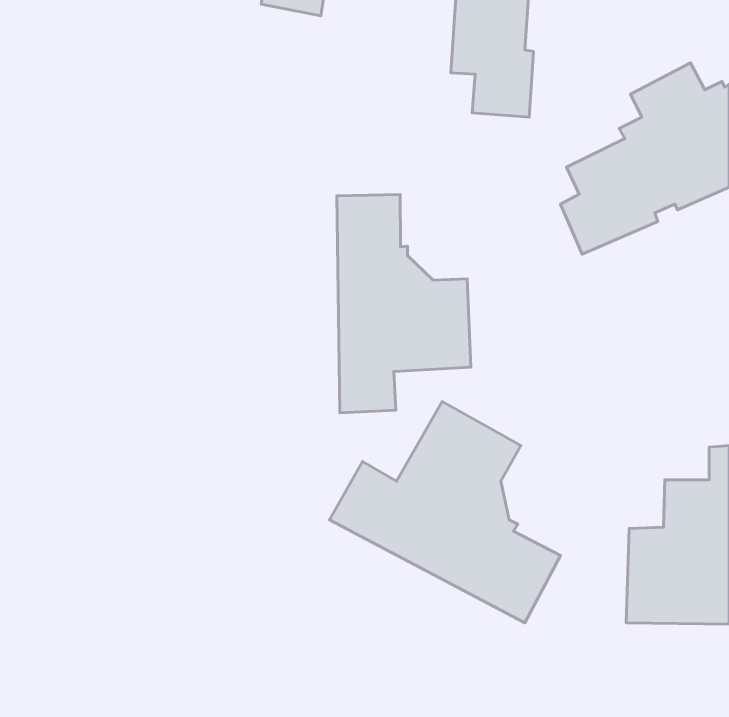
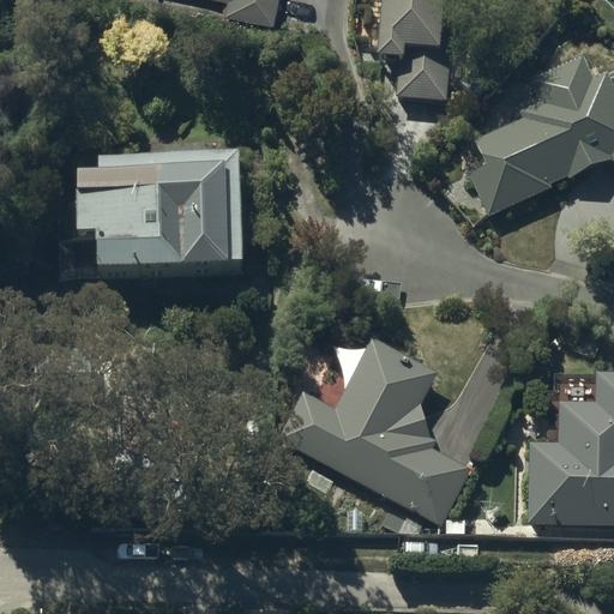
building: none -> [59,162,241,279]
building: [337,195,471,413] -> none

